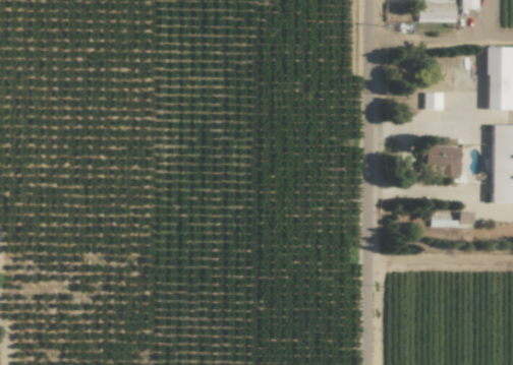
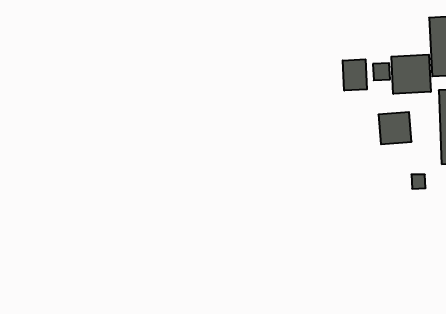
building: none -> [391,55,431,94]
building: none -> [343,59,367,91]

